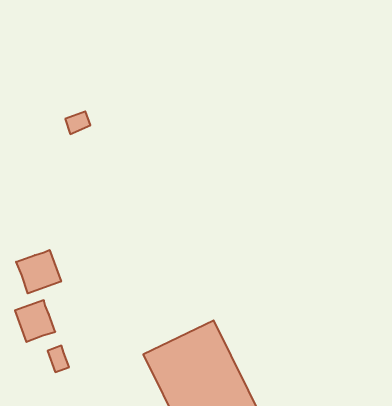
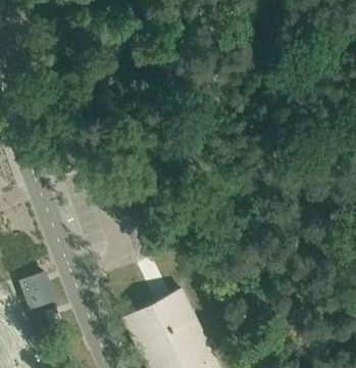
building: [16,250,61,293] -> none

